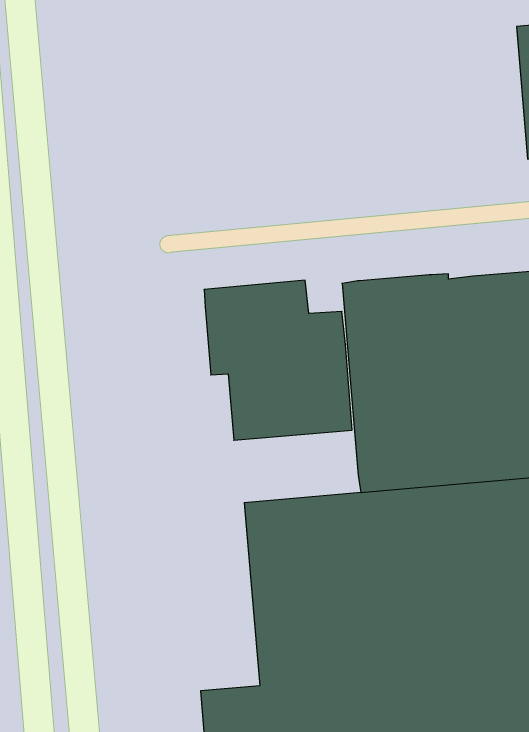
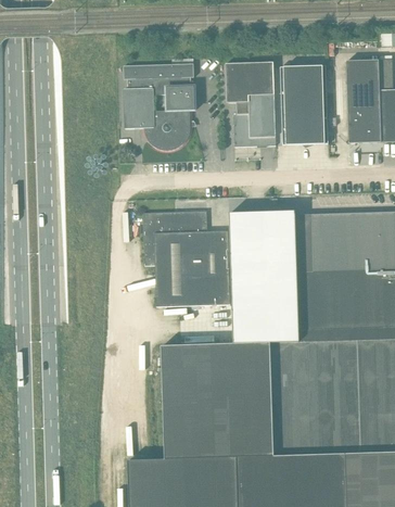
building: none -> [226,62,276,147]
building: none -> [280,66,328,145]
building: none -> [124,64,195,151]

